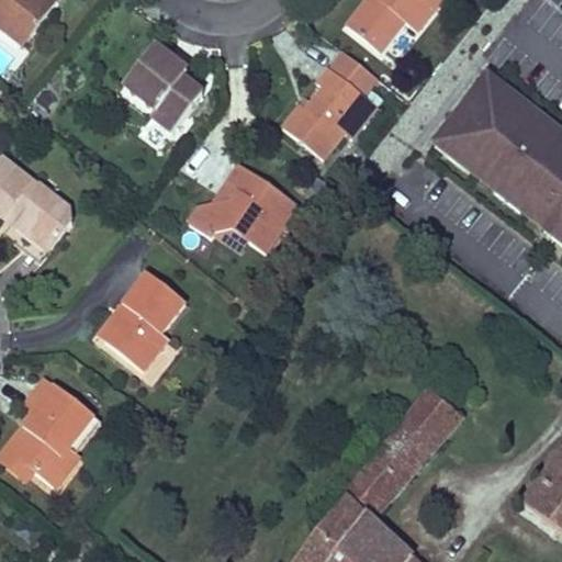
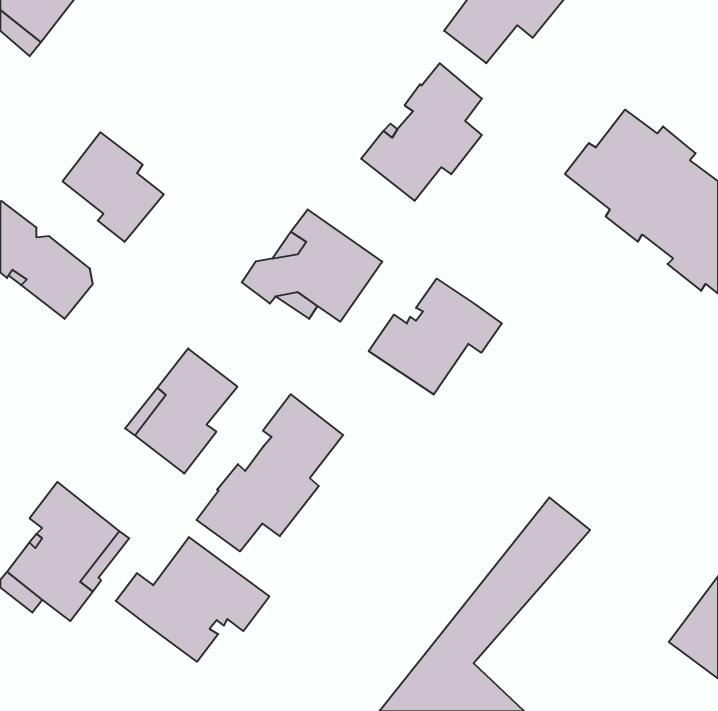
building: [124,45,203,131] -> [63,132,164,242]
building: none -> [369,279,502,395]
building: none -> [196,394,343,551]
building: none -> [116,537,269,662]

